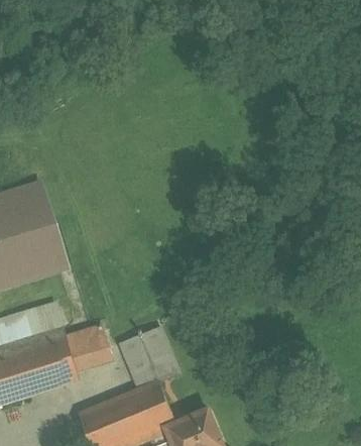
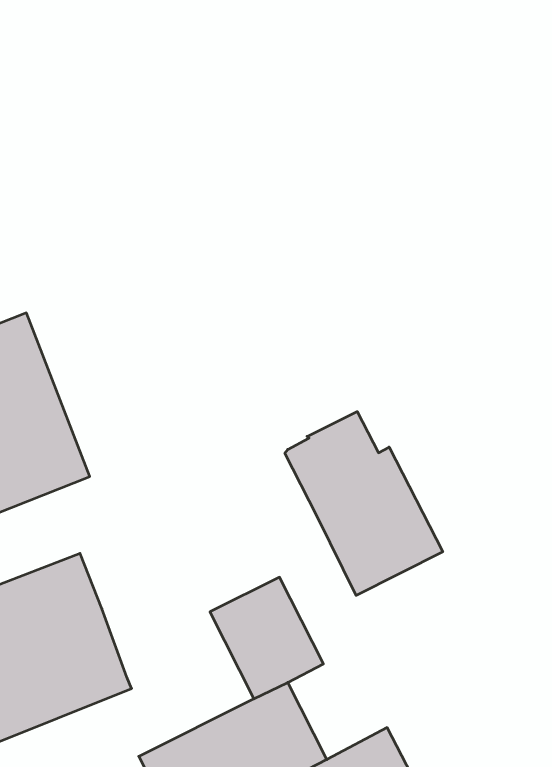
building: none -> [285,412,443,595]
building: [68,325,115,372] -> none

